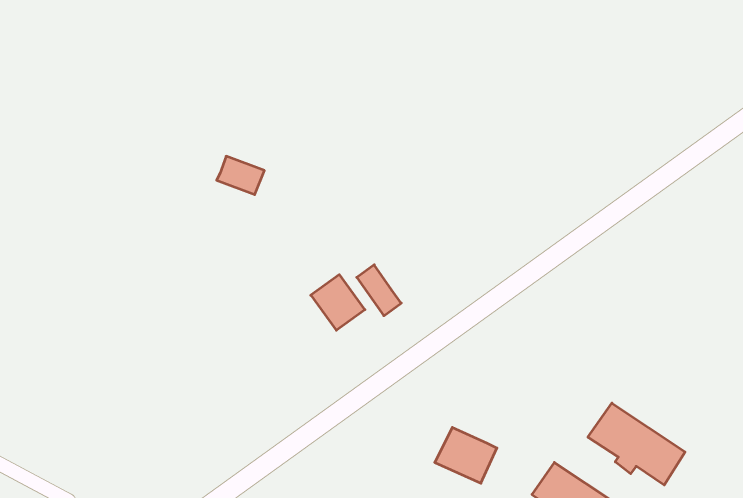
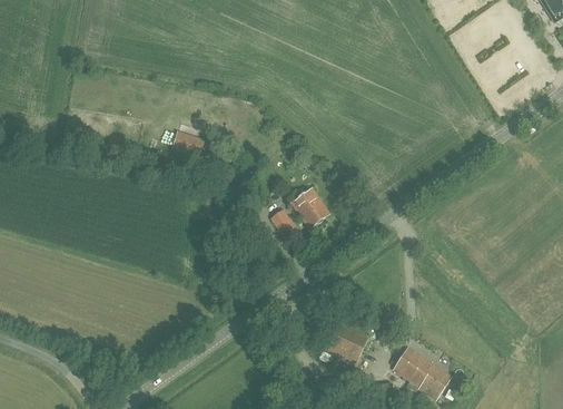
building: [311,275,365,330] -> [292,187,329,226]
building: [588,403,685,485] -> none

